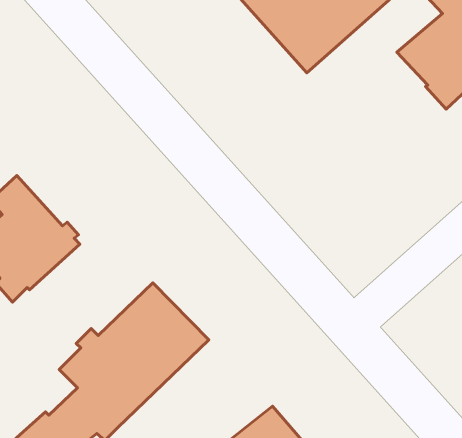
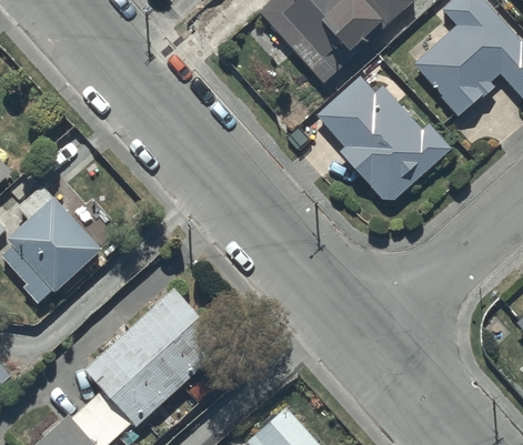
building: none -> [316,75,451,203]

